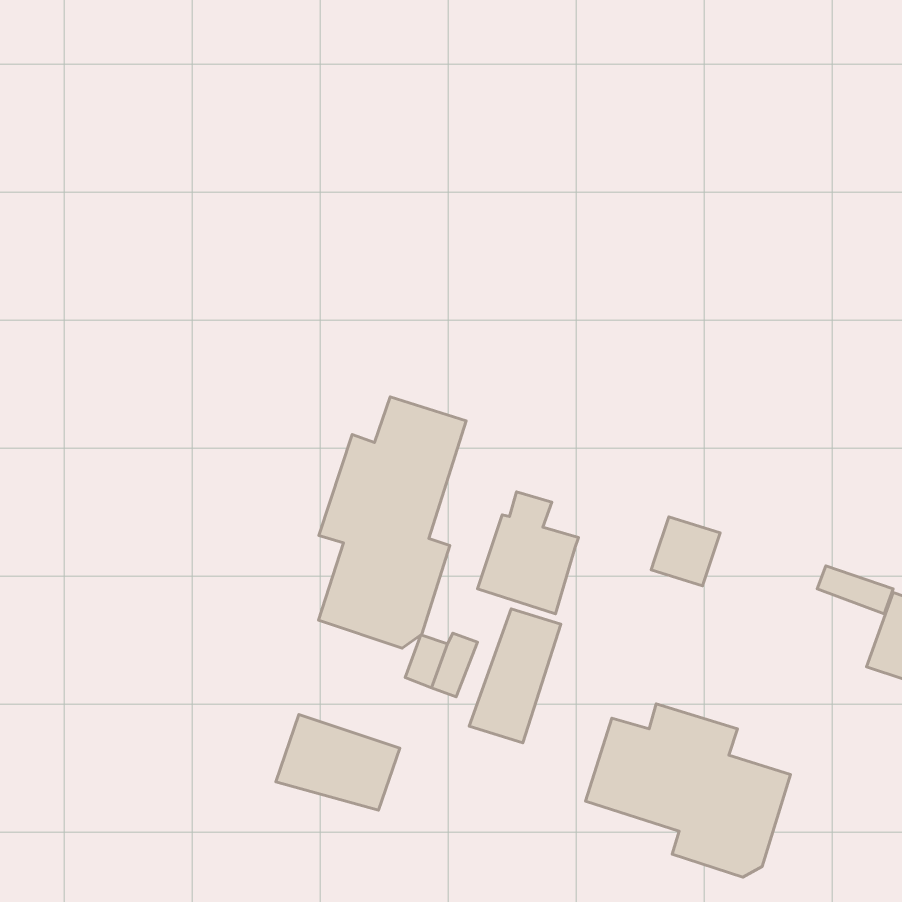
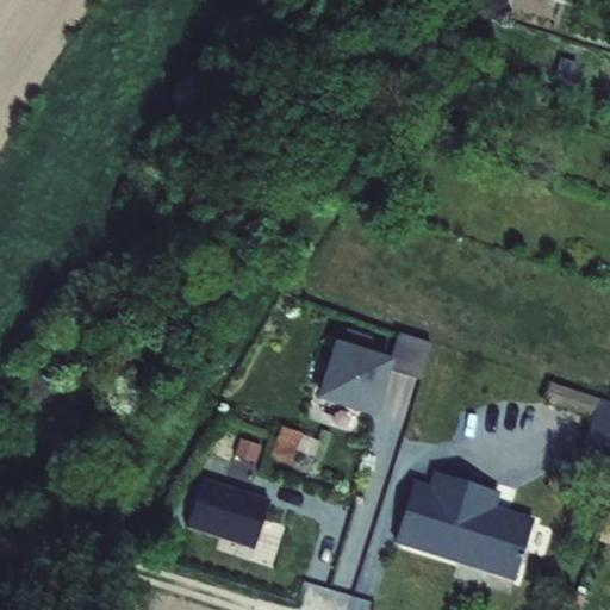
building: [319,397,466,648] -> none
building: [651,517,720,586] -> [388,334,435,380]
building: [469,609,561,743] -> none

